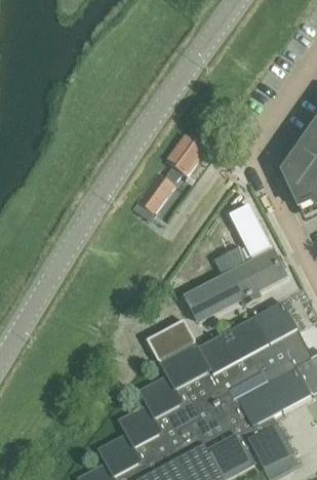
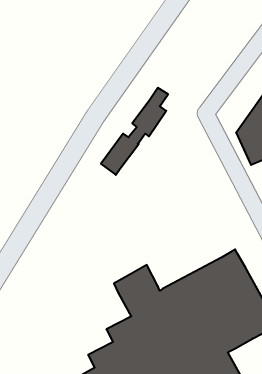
building: [184,208,286,321] -> none

